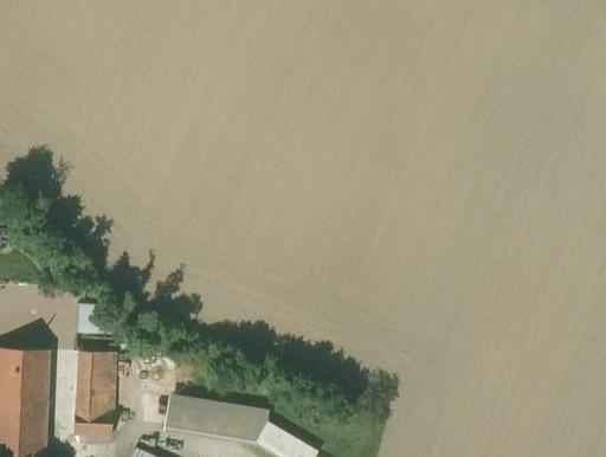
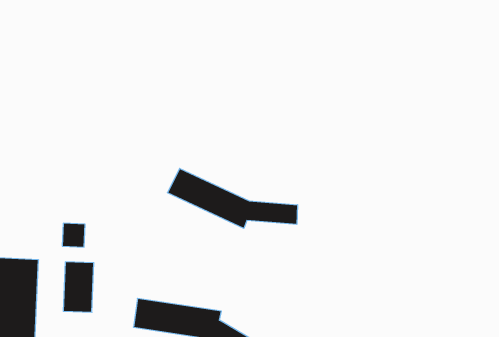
building: none -> [167,168,298,228]
building: [73,410,112,435] -> none

